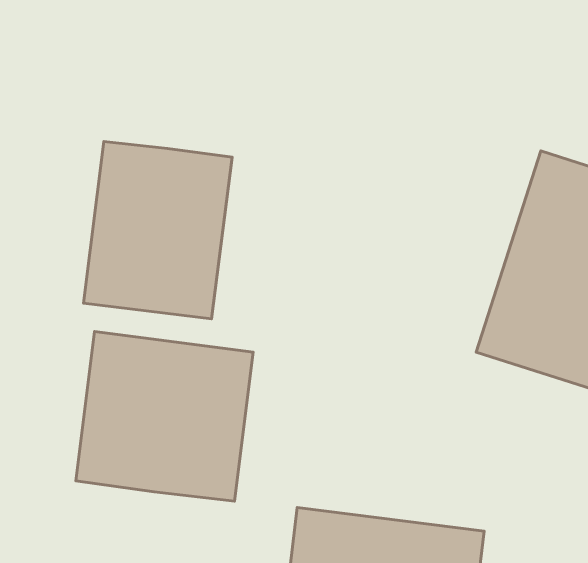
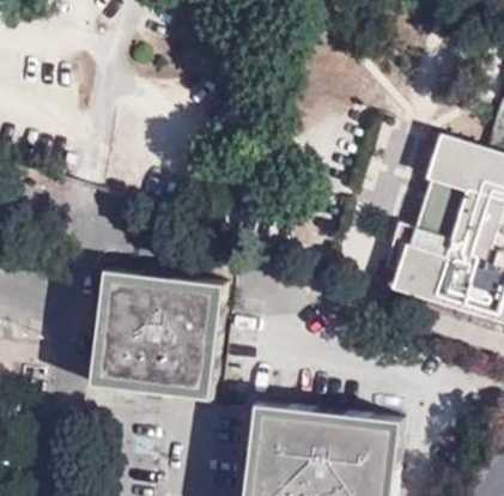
building: [83,141,232,319] -> none

